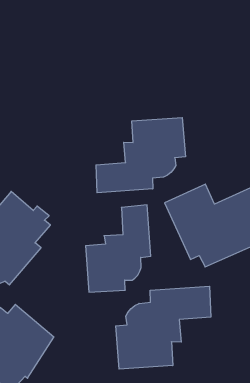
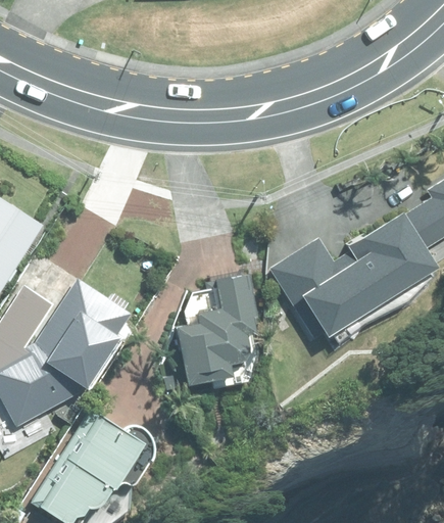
building: [96,118,185,193] -> none
building: [116,286,211,369] -> none

